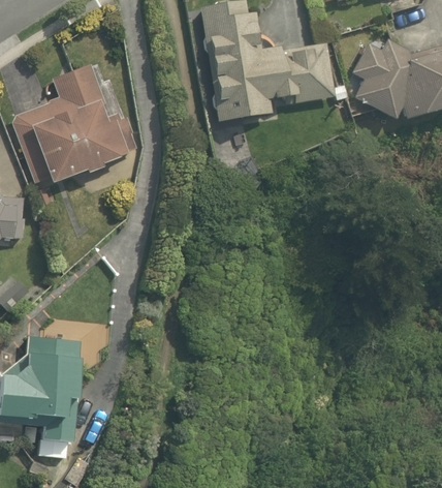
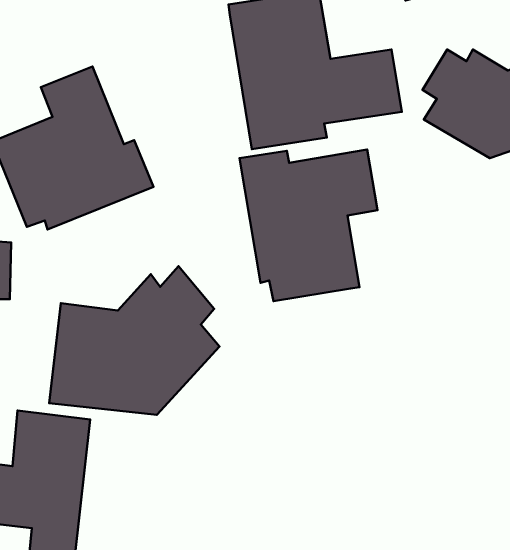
building: none -> [240,149,377,301]
building: none -> [49,266,219,415]

